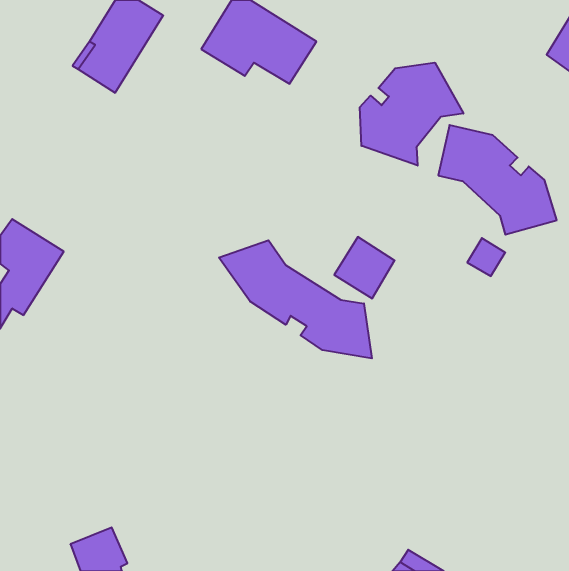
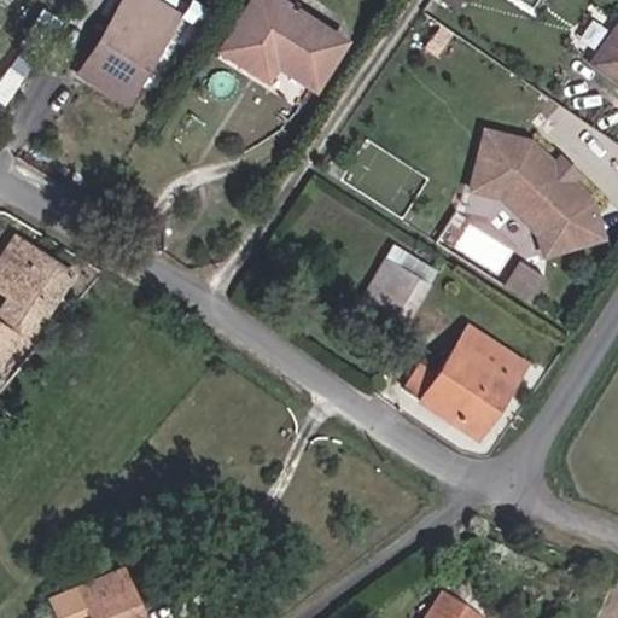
building: [360,63,463,166] -> none
building: [219,240,372,358] -> none
building: none -> [406,322,525,436]

